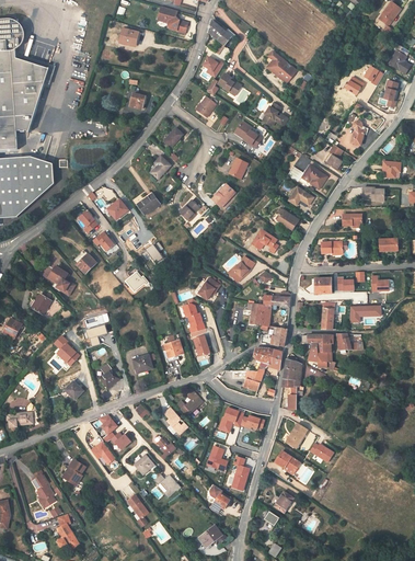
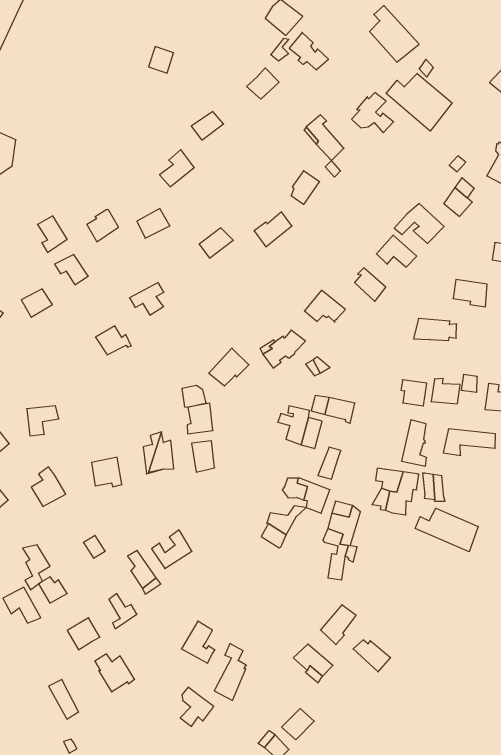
building: none -> [386,73,452,131]
building: none -> [415,508,478,552]
building: [218,409,262,430] -> none

